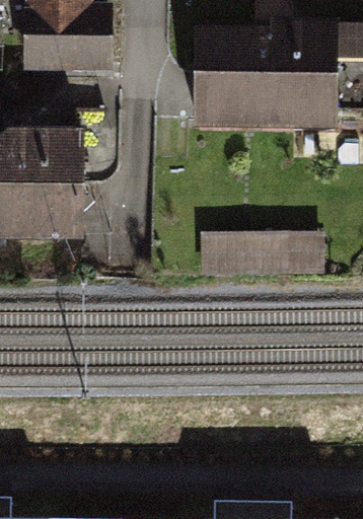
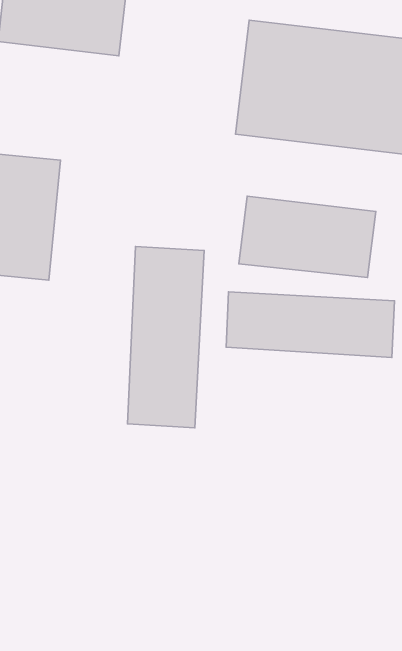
building: none -> [239,196,376,277]
building: none -> [128,246,204,428]

